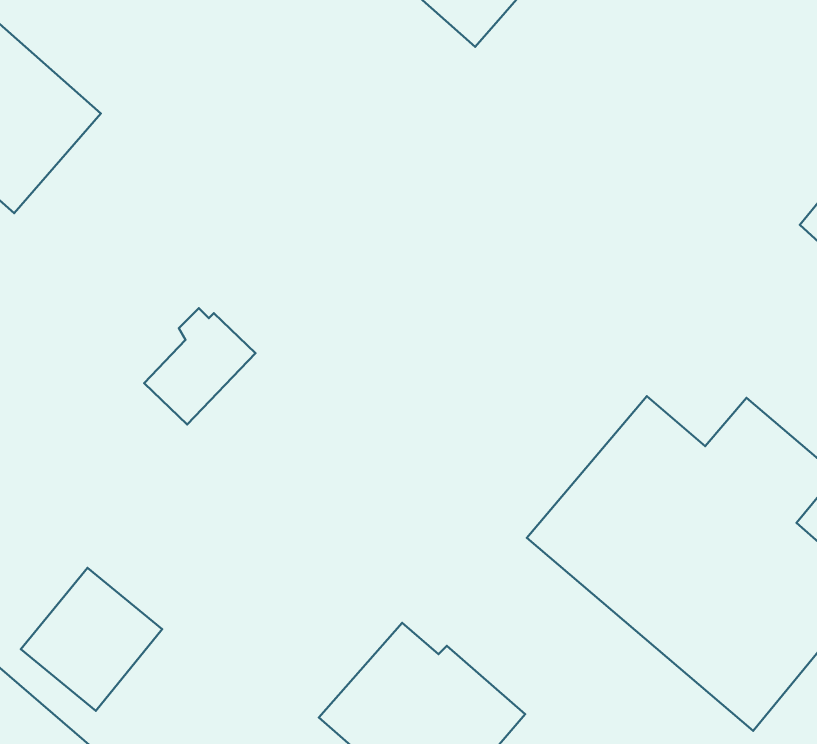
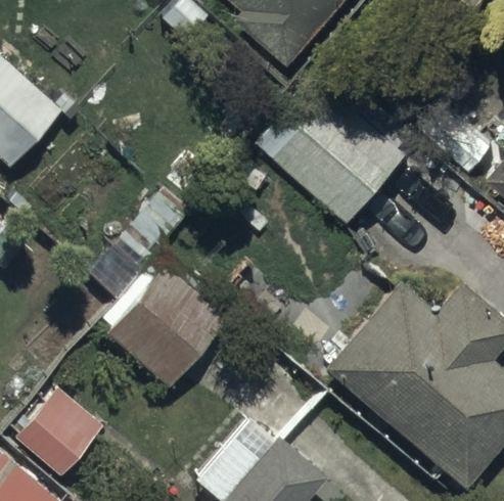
building: none -> [262,77,411,222]
building: none -> [104,270,225,388]

